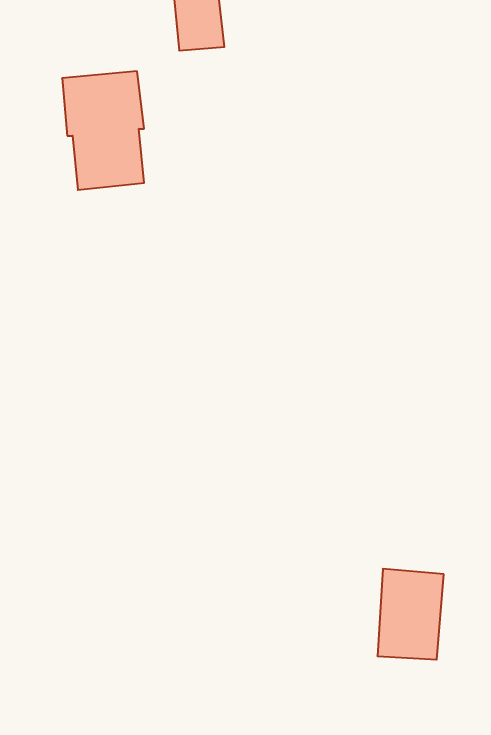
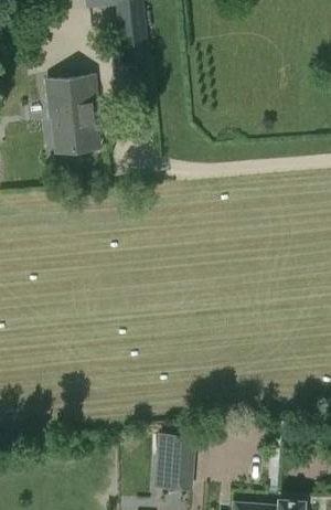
building: [377,569,444,660] -> [151,433,193,490]

